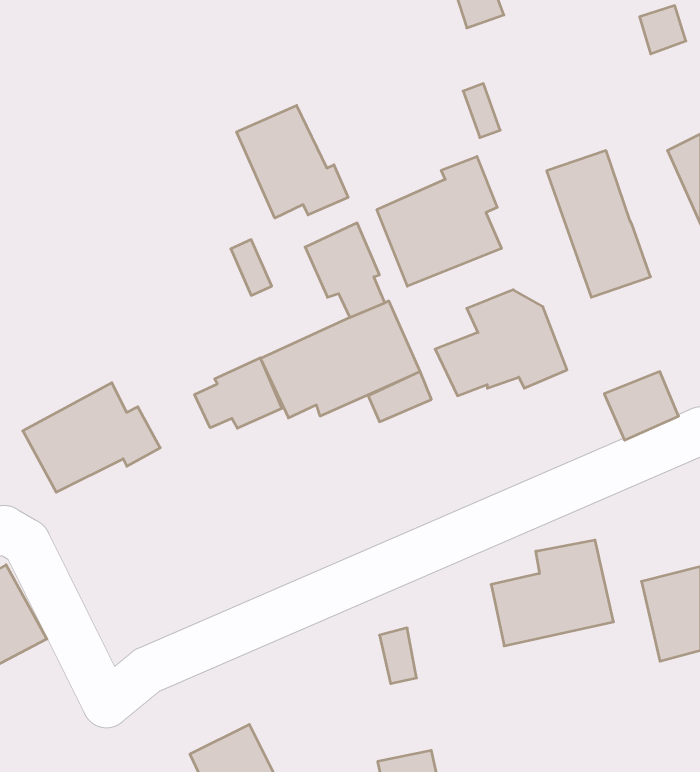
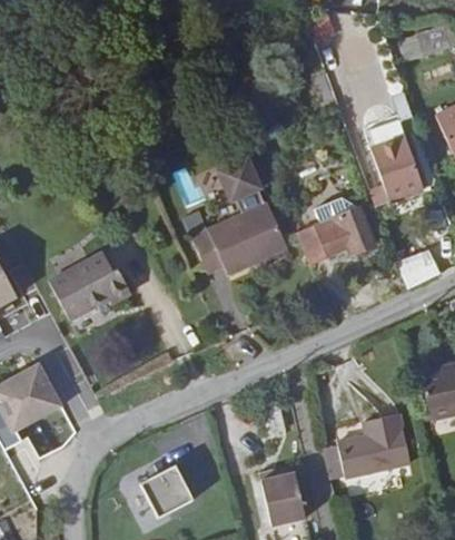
building: [237,105,348,218] -> none
building: [377,156,501,286] -> none
building: [195,358,282,428] -> none
building: [491,540,614,646] -> [336,415,409,479]

